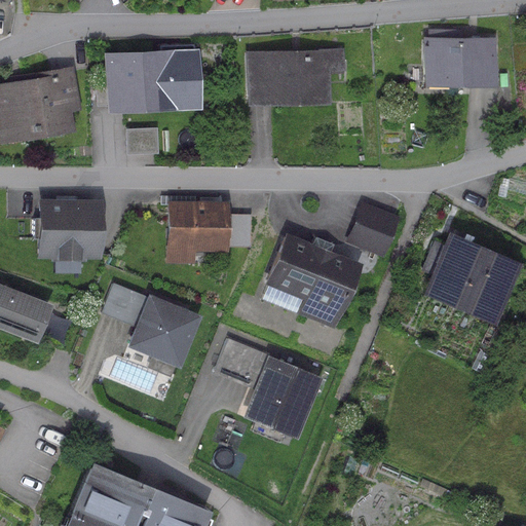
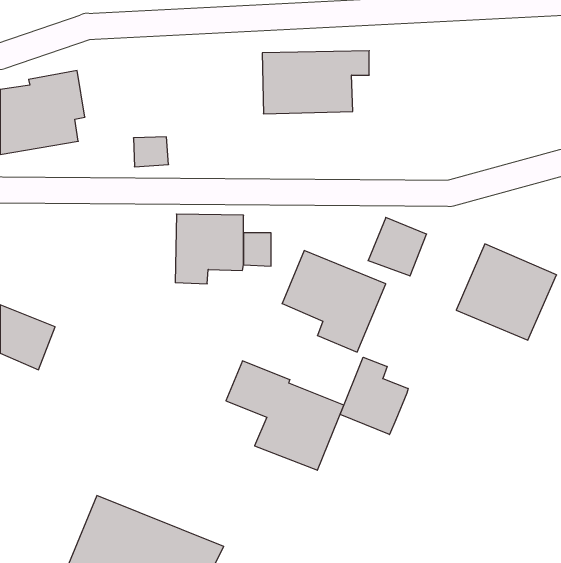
building: [425,30,498,88] -> none
building: [105,44,198,113] -> none
building: [31,198,103,263] -> none
building: [102,284,200,370] -> none
building: none -> [340,357,408,435]

